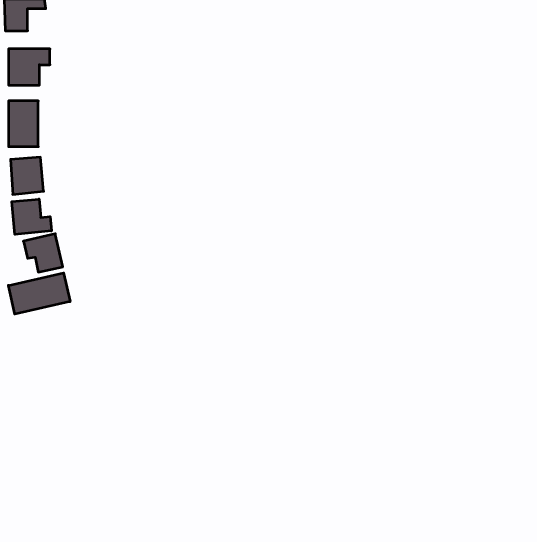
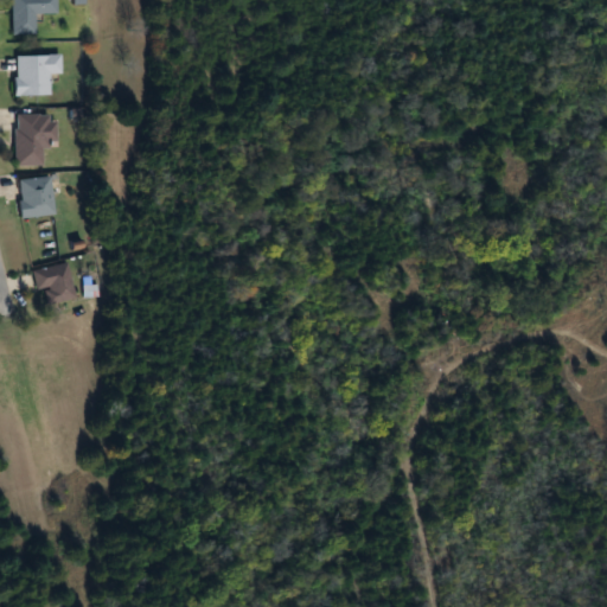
building: [12,199,51,234] -> none
building: [8,273,70,314] -> none

